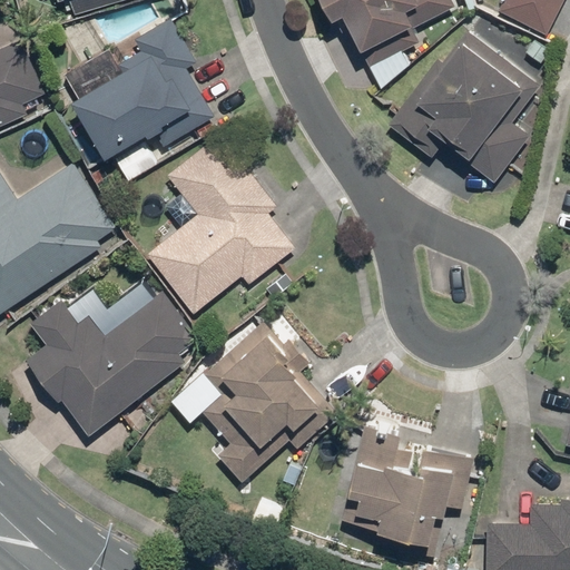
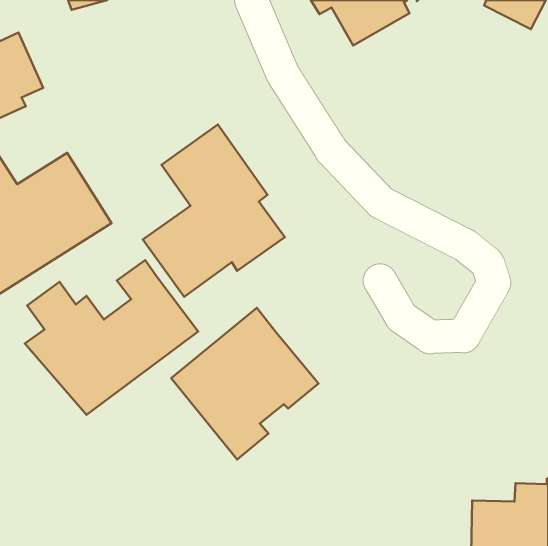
building: [383,18,549,190] -> none
building: [73,20,216,163] -> none
building: [343,422,472,544] -> none

